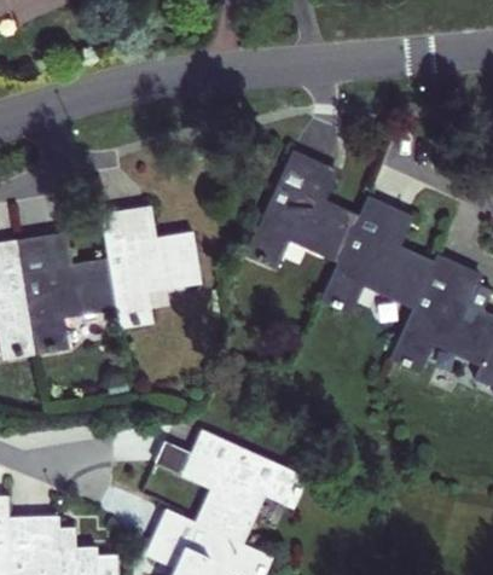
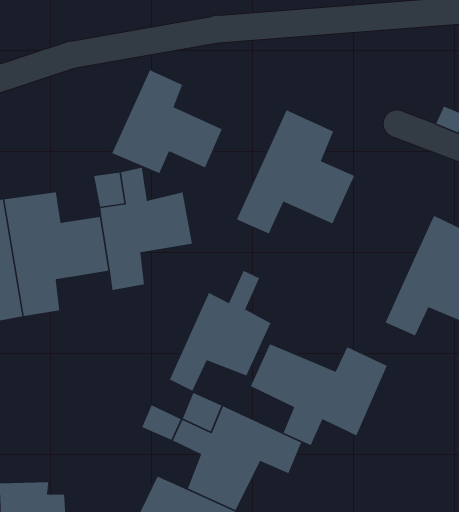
building: none -> [111,69,223,174]
building: [320,196,434,316] -> none
building: none -> [169,270,271,392]
building: none -> [250,343,388,446]

